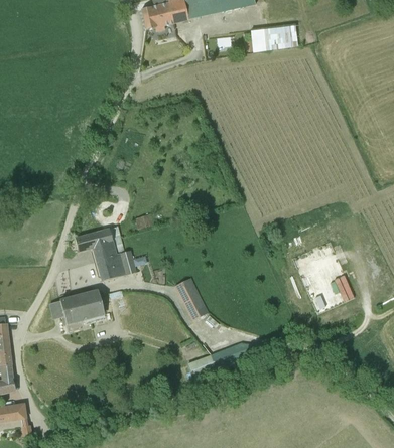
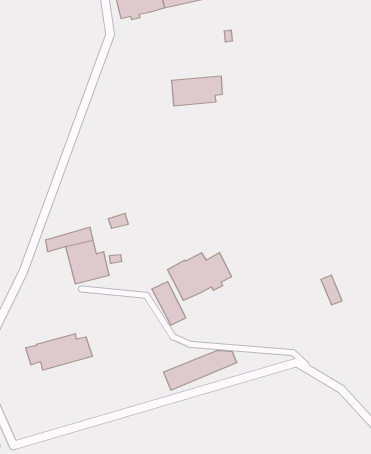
building: [251,23,299,51] -> [171,76,222,106]
building: none -> [167,252,232,300]
building: [48,291,112,325] -> [26,334,93,370]

